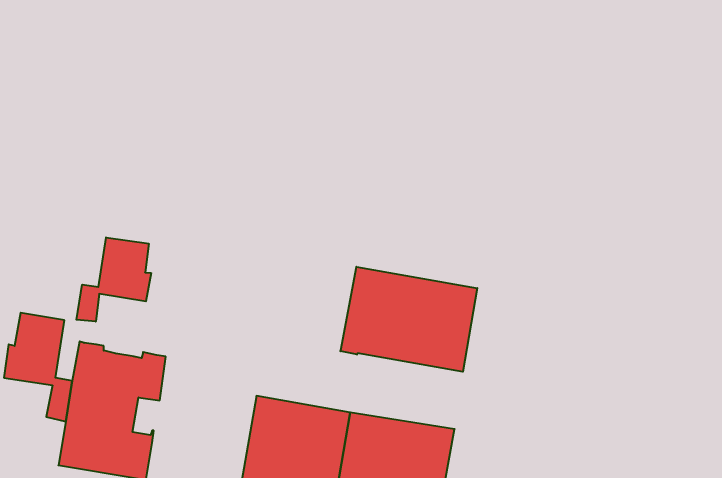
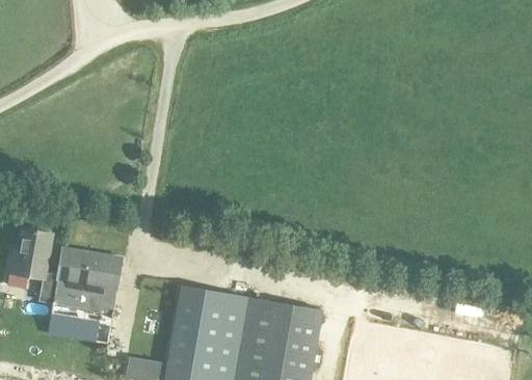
building: [76,237,151,322] -> none
building: [340,267,477,372] -> none

